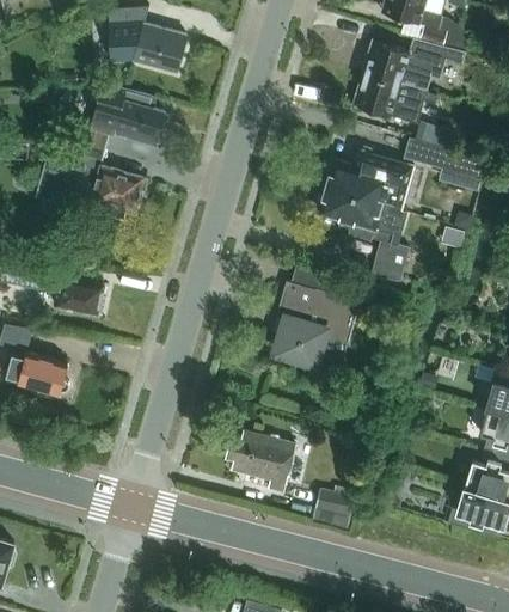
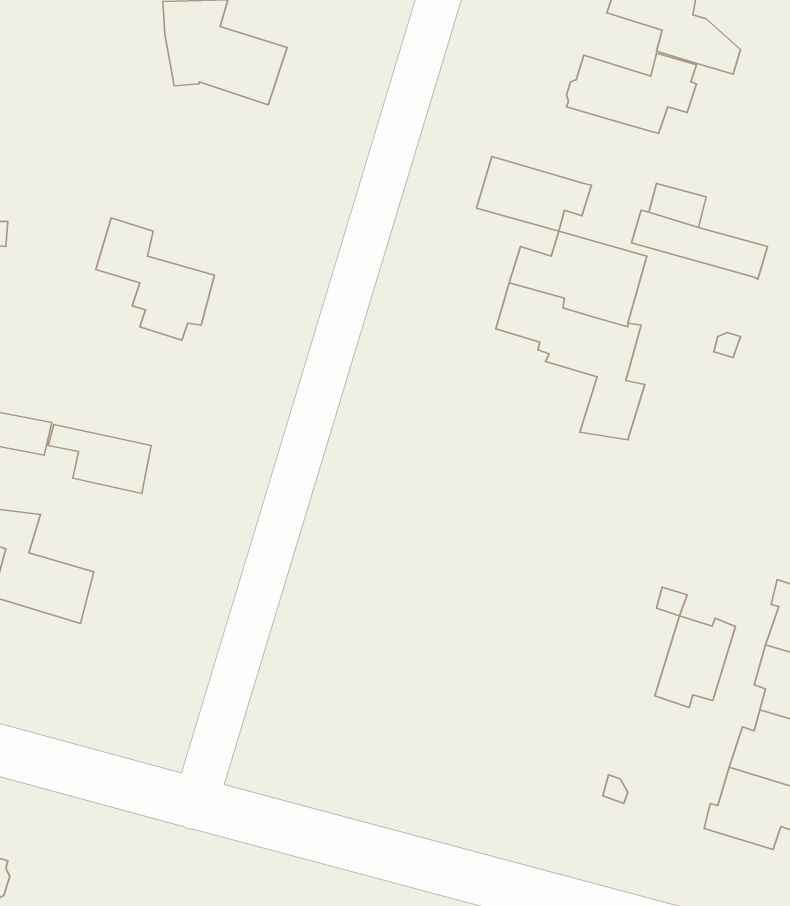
building: [352,74,424,121] -> [477,157,591,231]
building: [78,84,164,152] -> none
building: [275,282,358,366] -> none
building: none -> [655,616,735,707]
building: [225,433,294,485] -> none
building: [312,491,354,530] -> none

